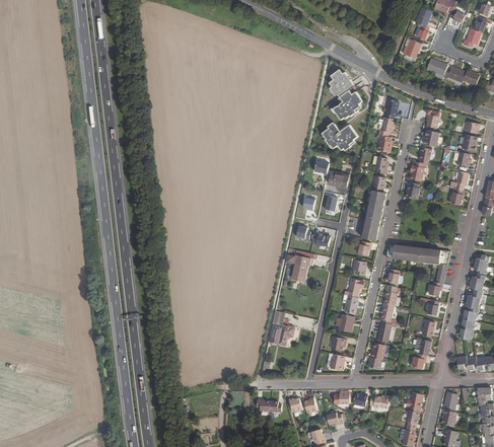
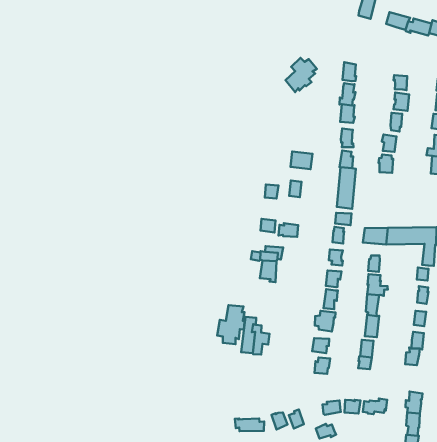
building: [329,69,354,96] -> none
building: [323,122,357,150] -> none
building: none -> [217,305,245,344]

